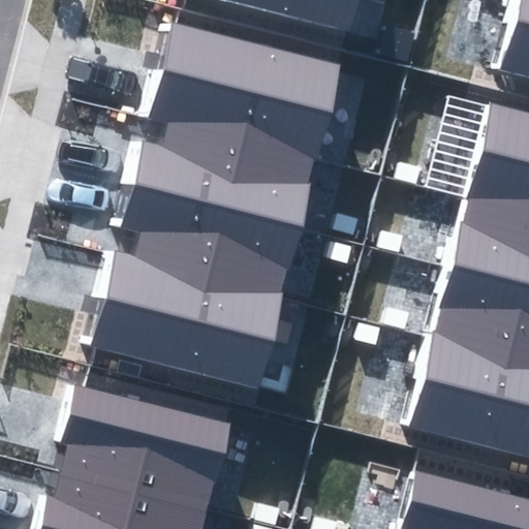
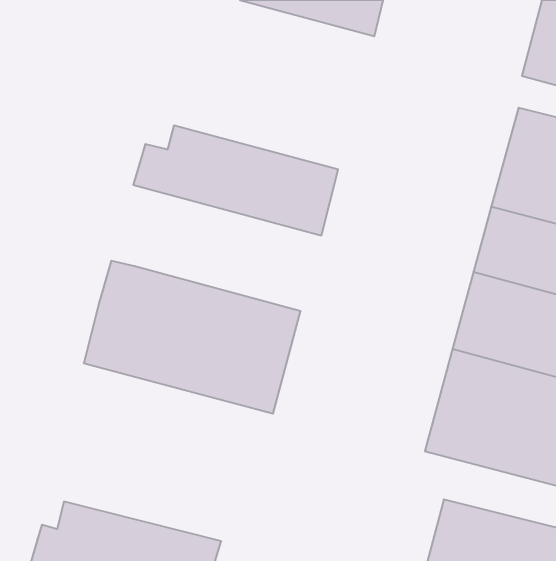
building: [145,18,348,160] -> none
building: [119,175,308,293] -> none
building: [59,384,238,509] -> none

